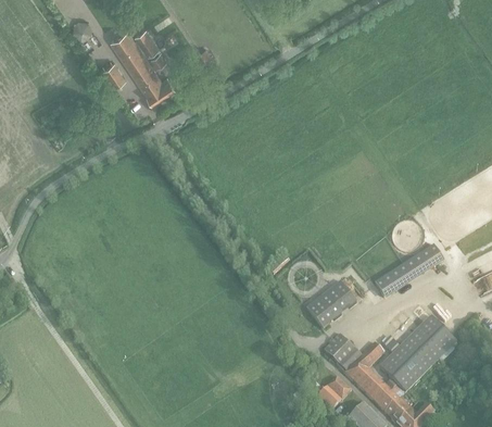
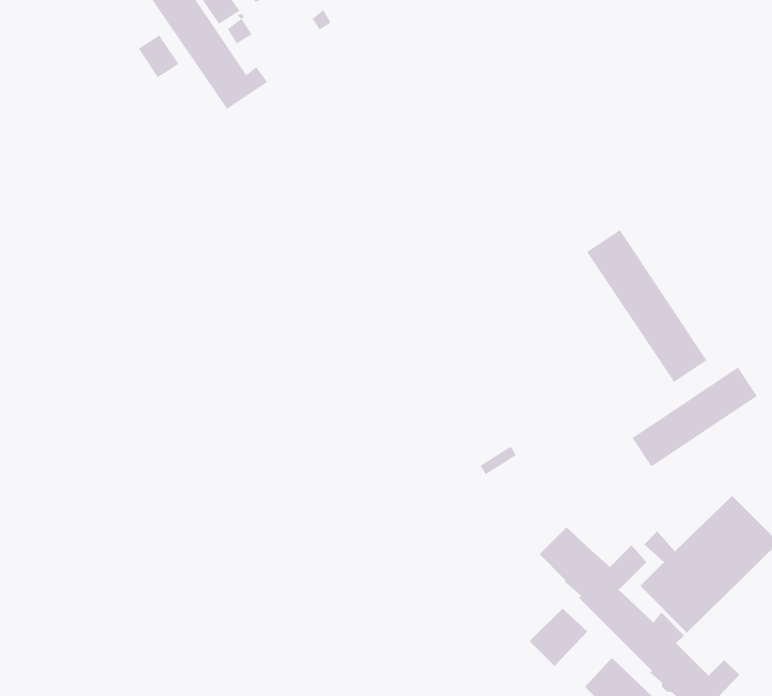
building: none -> [586,229,708,383]
building: [306,279,356,327] -> none

